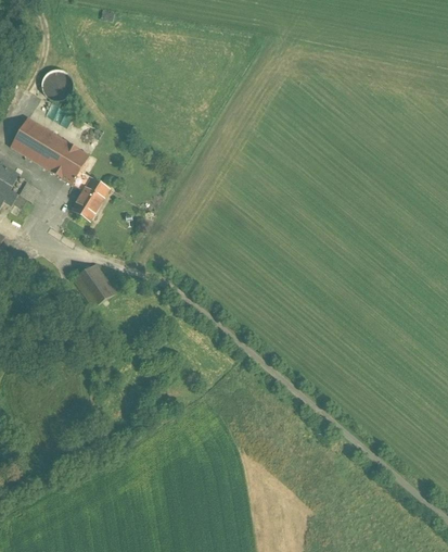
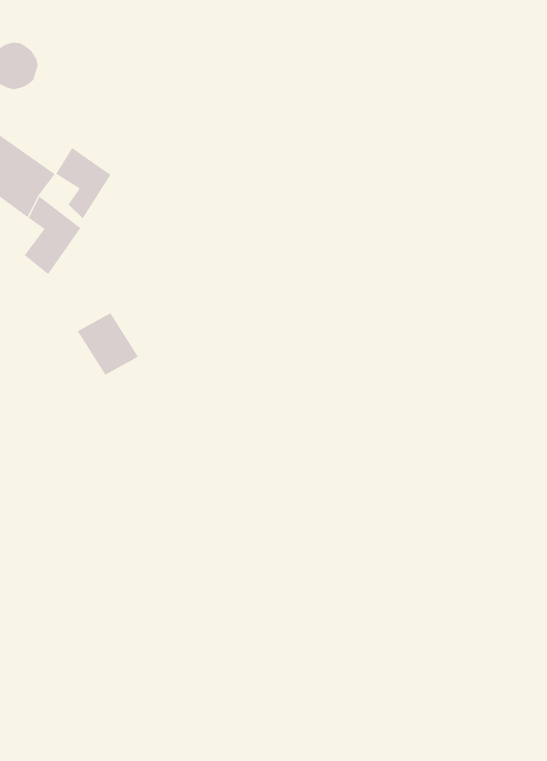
building: none -> [55,147,111,219]
building: [72,263,114,305] -> [77,312,139,376]

